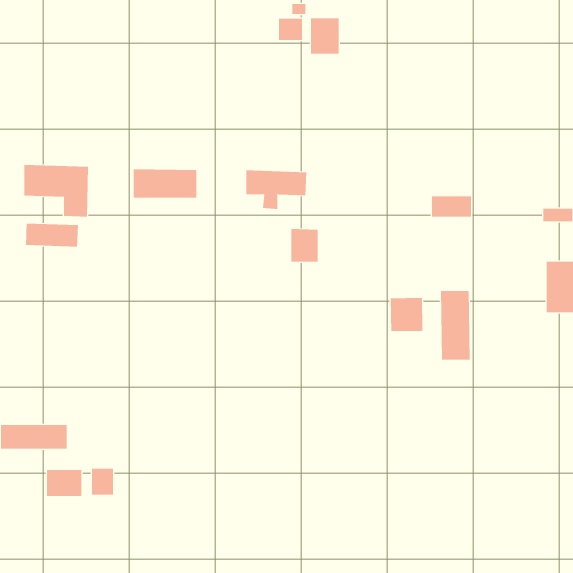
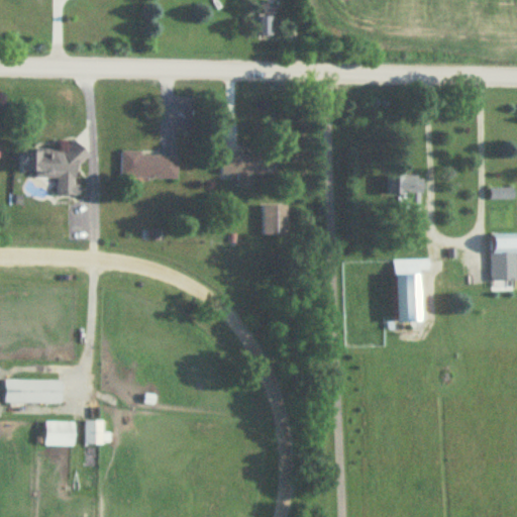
building: [310,17,339,55] -> none
building: [25,223,78,247] -> none
building: [390,297,423,332] -> none

